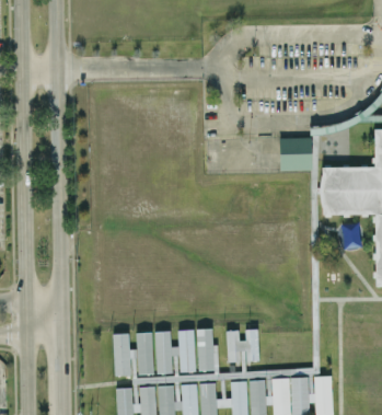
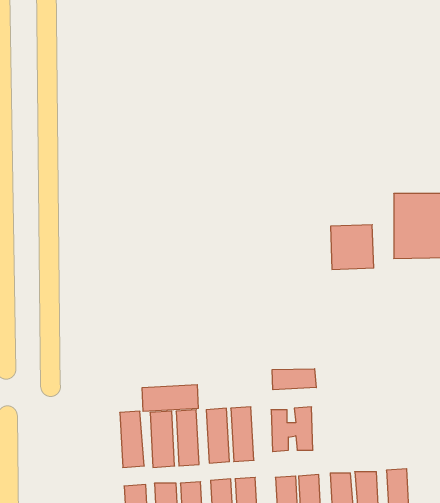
building: [279,137,312,171] -> [331,225,374,269]
building: none -> [272,369,316,390]
building: none -> [142,385,198,411]

